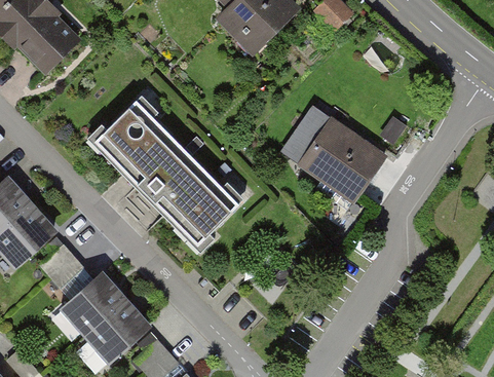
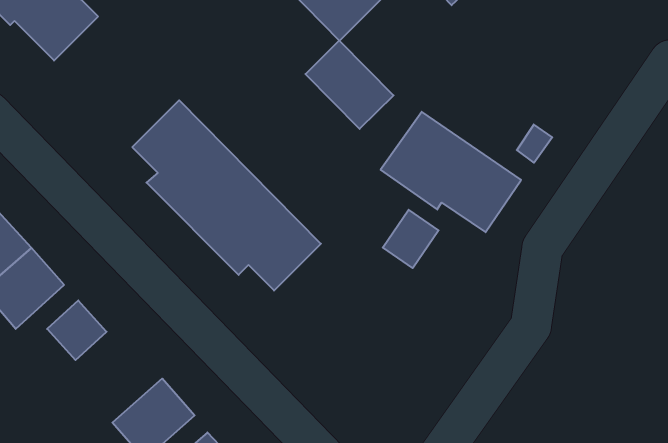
building: none -> [305,41,394,129]
building: none -> [383,210,439,268]
building: [64,275,124,334] -> none

